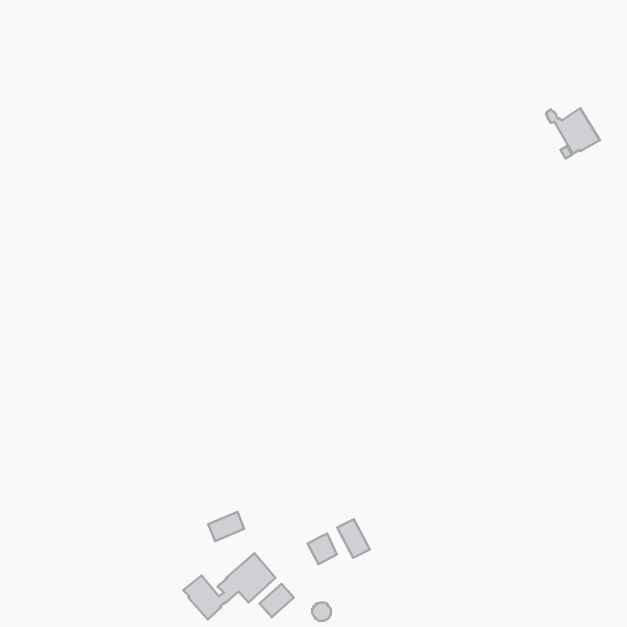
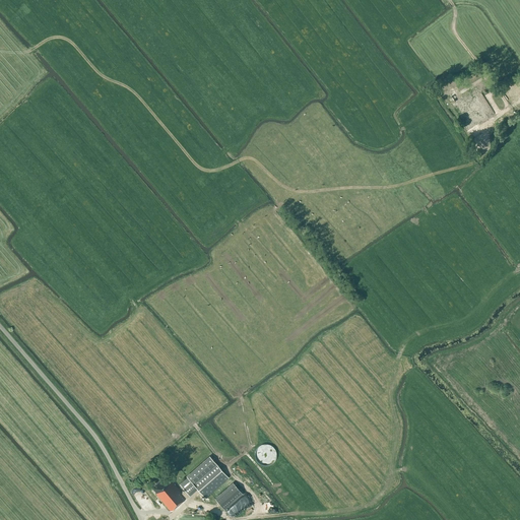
building: [208,512,244,541] -> none
building: [337,519,370,558] -> none

